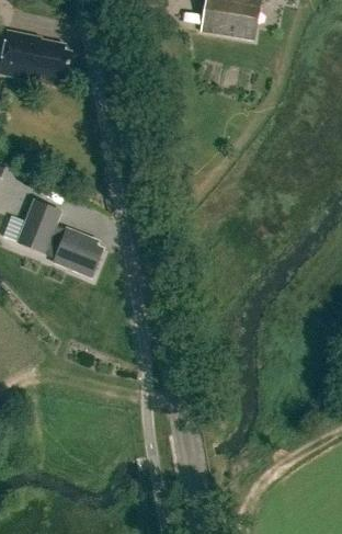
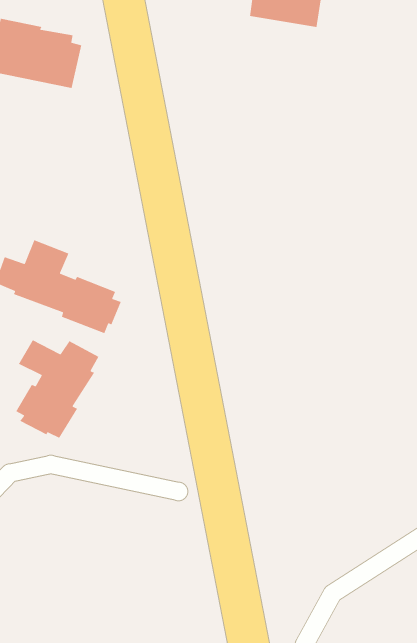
building: none -> [15,339,99,439]

